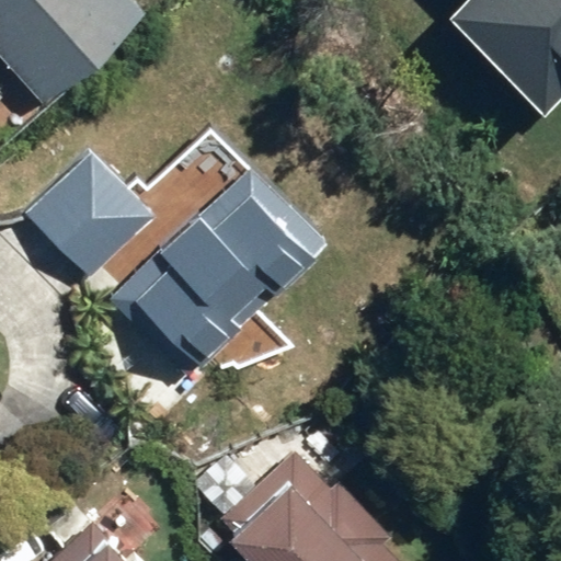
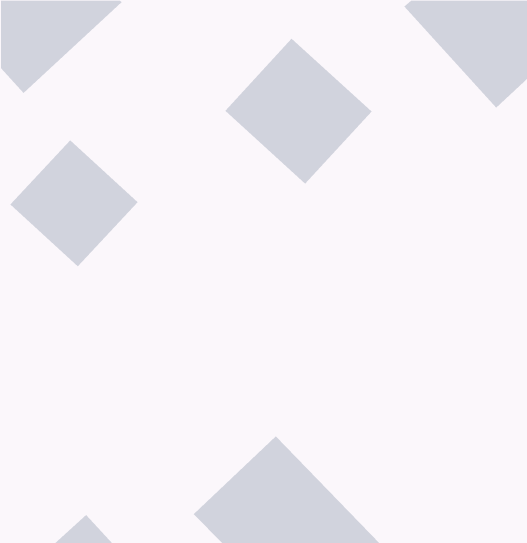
building: none -> [224,38,372,184]
building: [112,154,325,373] -> none

